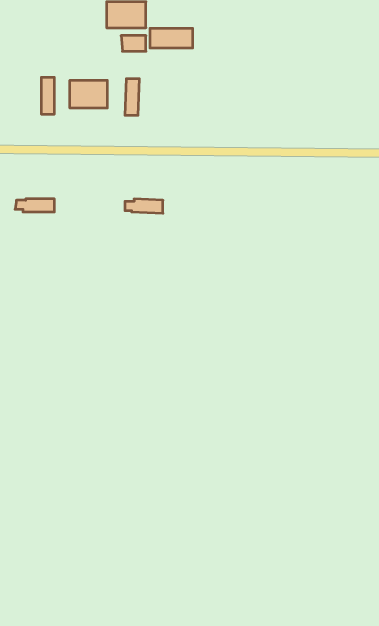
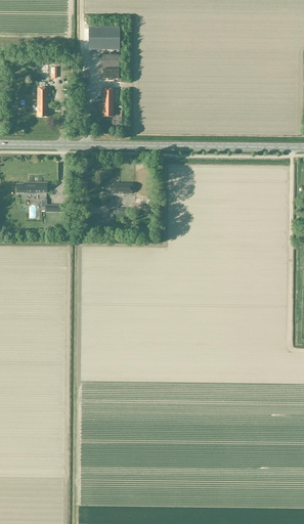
building: [150,28,193,48] -> none
building: [70,80,107,108] -> none

